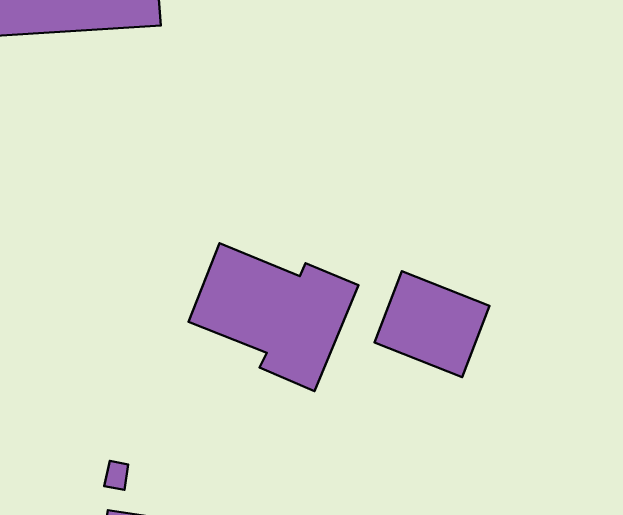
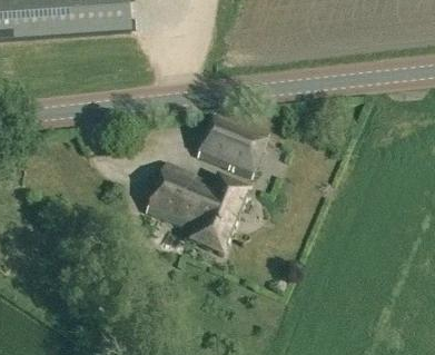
building: [374,271,490,377] -> [196,111,266,176]

